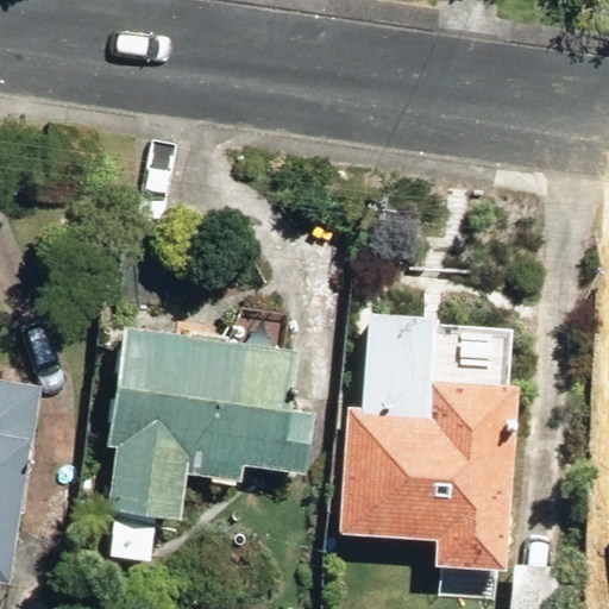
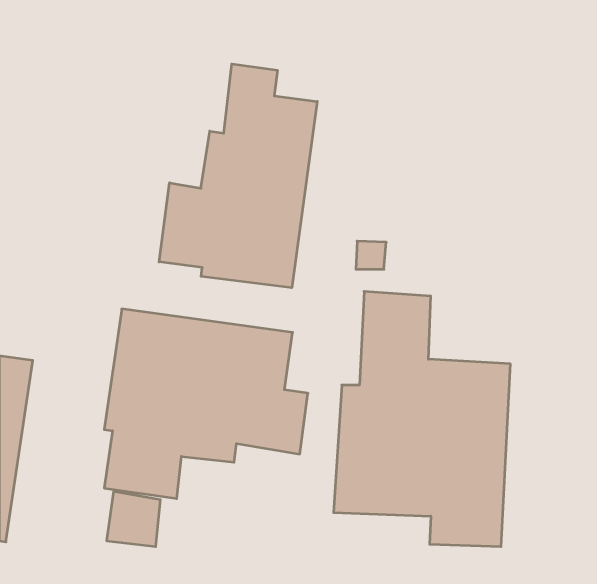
building: none -> [159,64,317,288]

